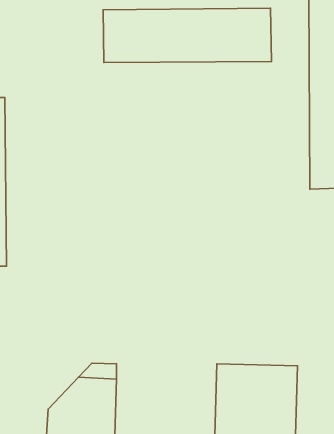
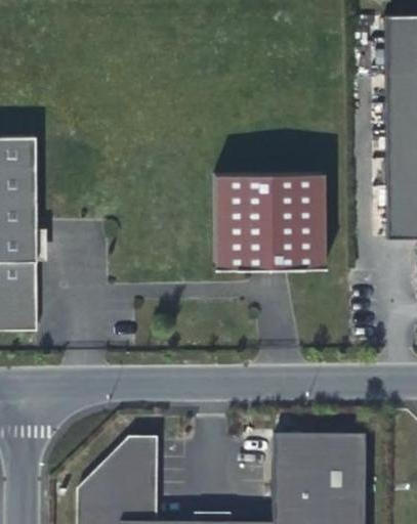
building: [103,8,271,62] -> none
building: none -> [214,174,328,269]

